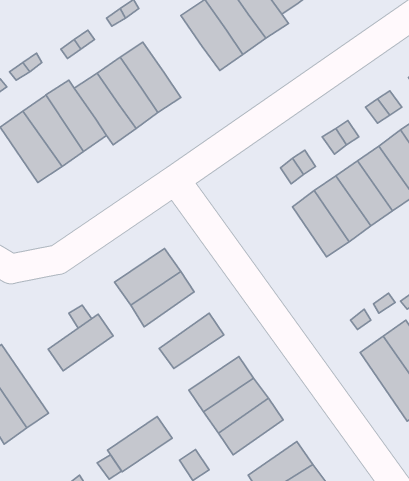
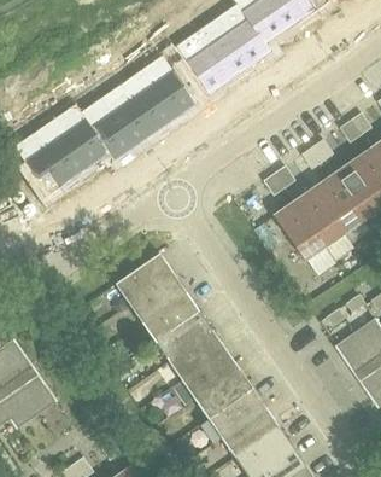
building: none -> [141,54,197,120]
building: [48,314,113,371] -> [142,293,200,344]
building: [107,417,172,472] -> [169,332,227,382]
building: none -> [222,408,279,458]

